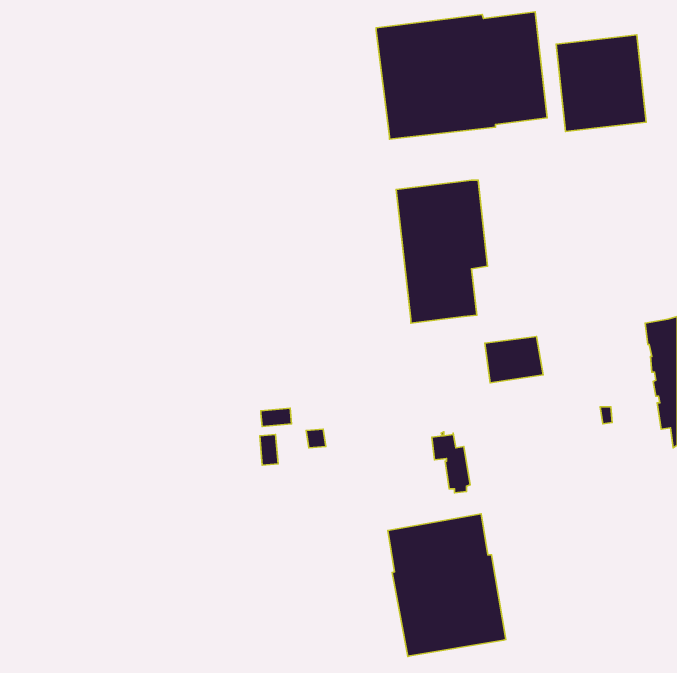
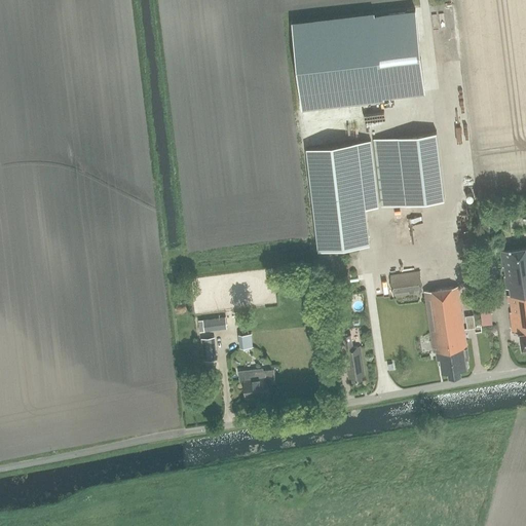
building: [556,35,646,132] -> [374,135,444,210]
building: none -> [424,289,468,378]
building: none -> [237,371,275,400]
building: [388,514,506,657] -> none

